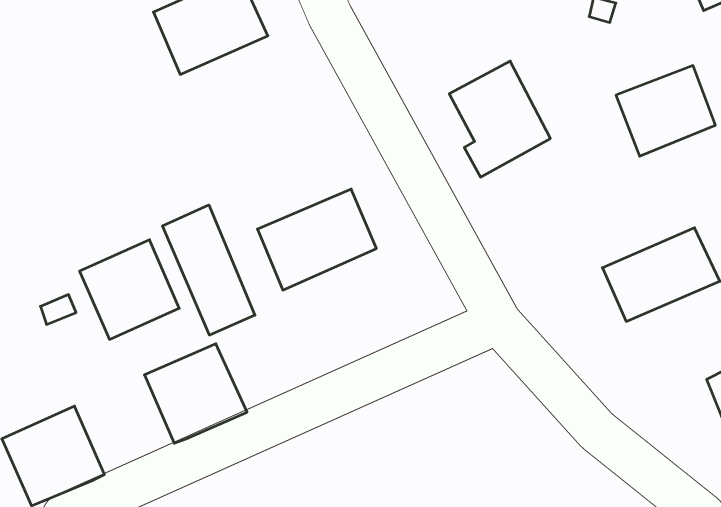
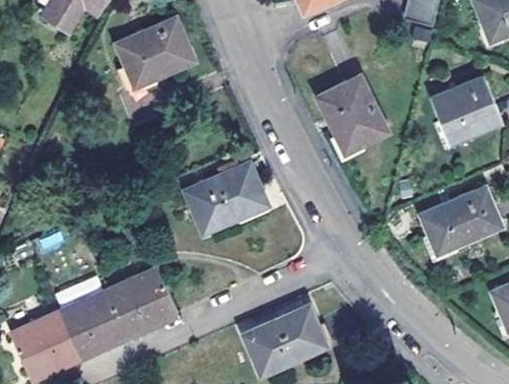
building: [163,205,255,335] -> none
building: [80,240,179,339] -> [62,291,130,359]
building: none -> [245,307,327,375]

